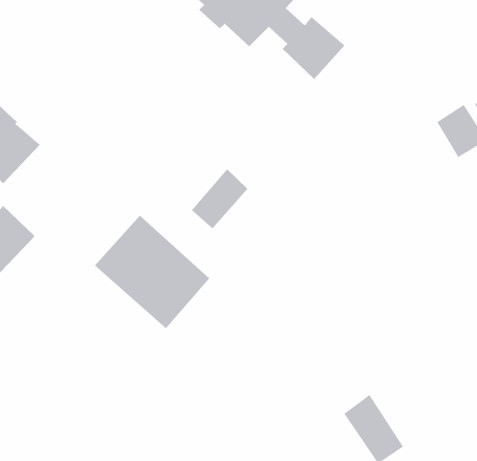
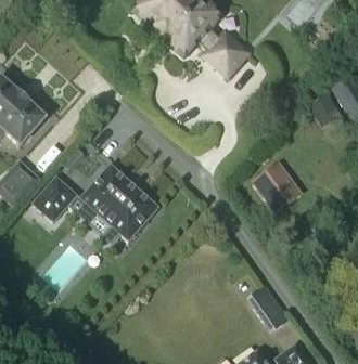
building: [191,168,248,229] -> none
building: none -> [253,162,301,206]
building: none -> [33,177,77,221]

